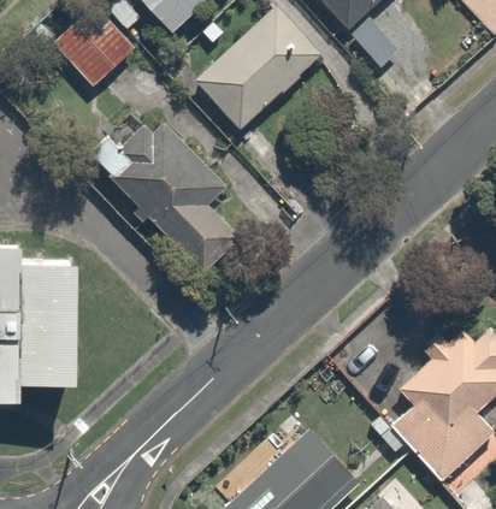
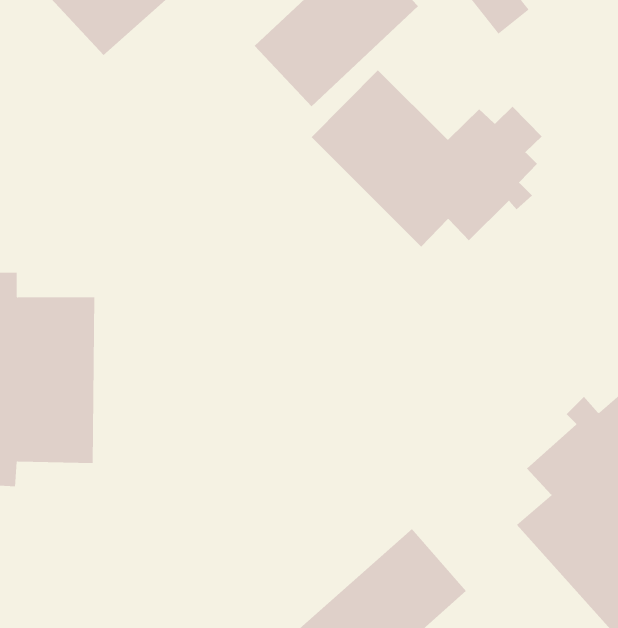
building: none -> [311,70,542,248]
building: [98,112,243,272] -> none

